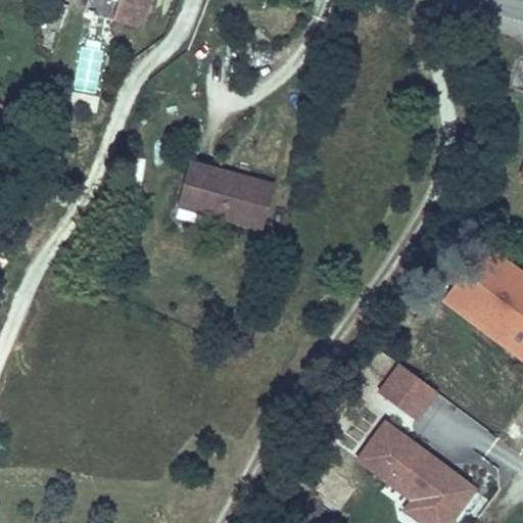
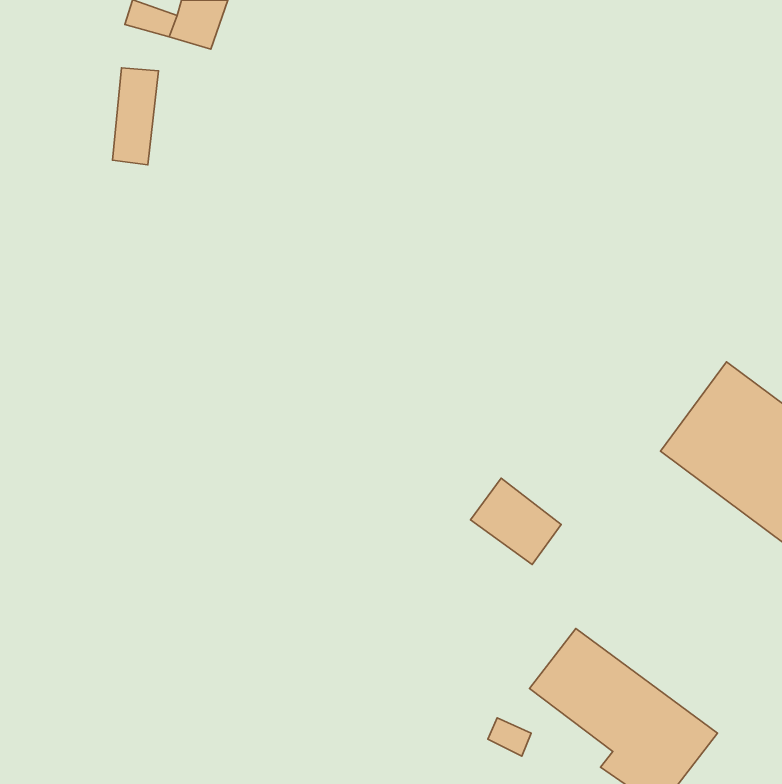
building: [179,160,276,227] -> none
building: [379,363,439,420] -> [470,478,561,564]

